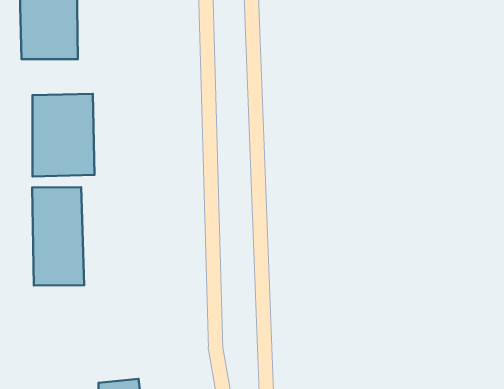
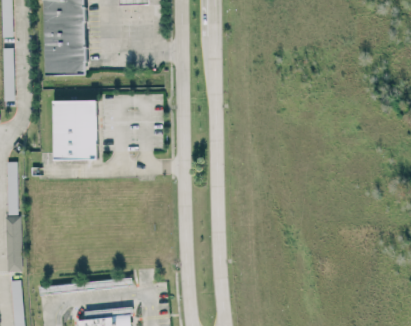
building: [32,187,84,286] -> none

